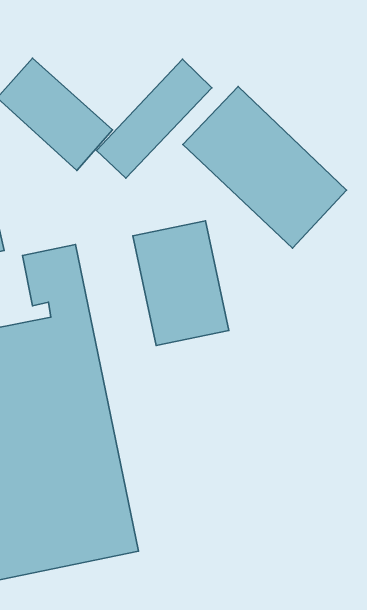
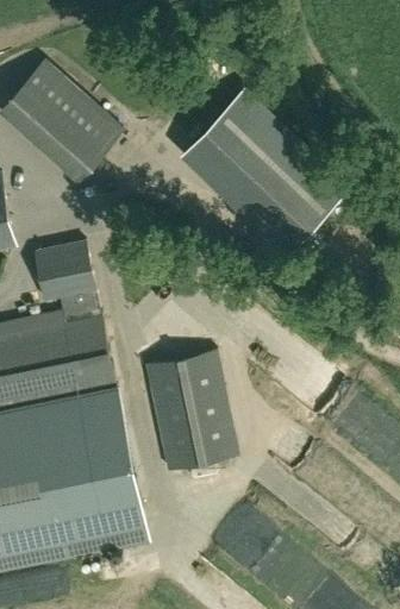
building: [97,59,212,178] -> none
building: [133,221,229,345] -> [145,351,238,471]

